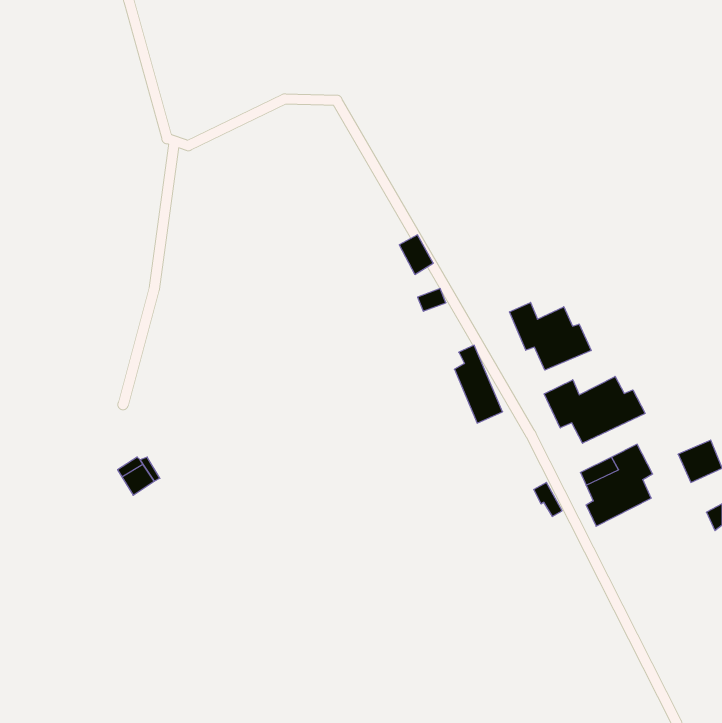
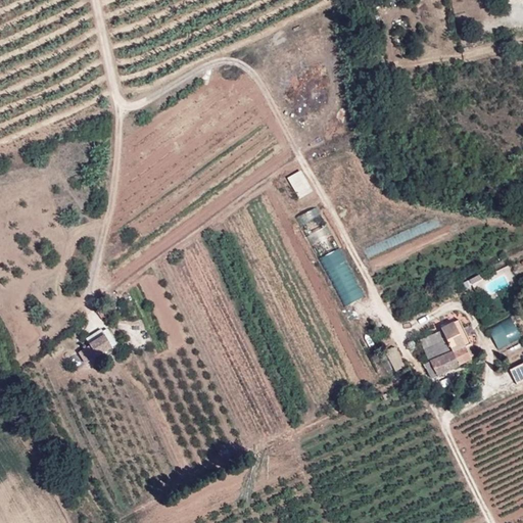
building: [510,302,591,370] -> none
building: [544,376,645,443] -> none

